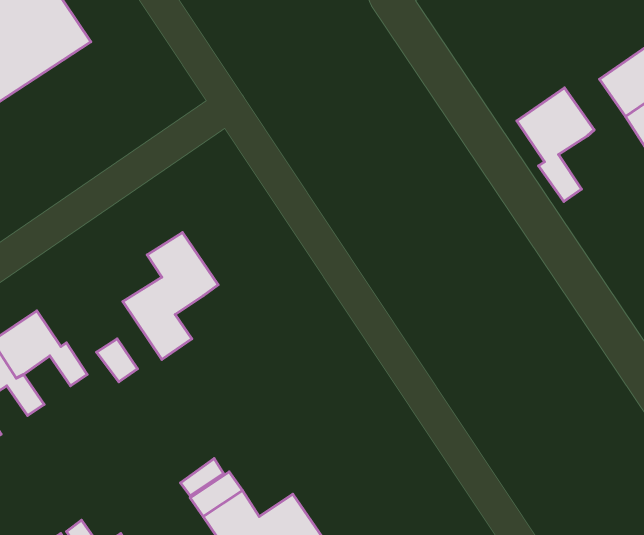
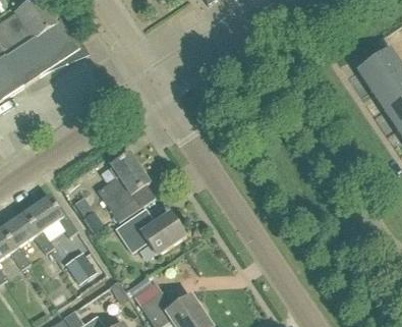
building: [517,88,594,202] -> none
building: none -> [116,211,186,254]
building: none -> [62,247,95,279]

